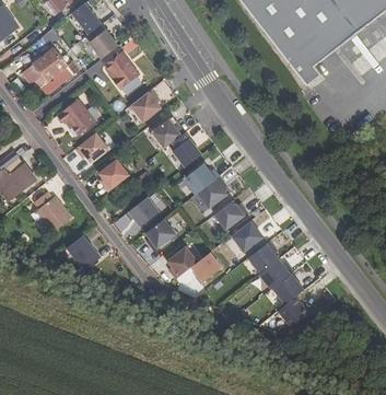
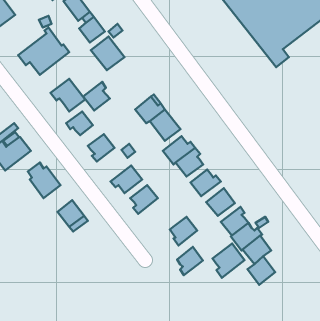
building: [131,89,161,120] -> [83,82,110,110]
building: [167,246,196,278] -> [177,247,203,275]
building: none -> [212,243,244,278]

